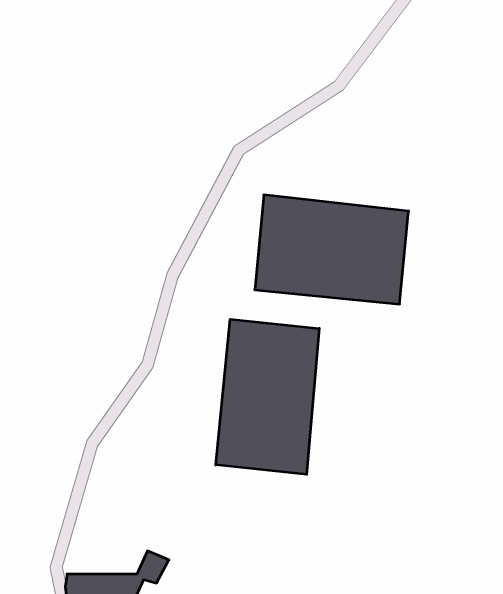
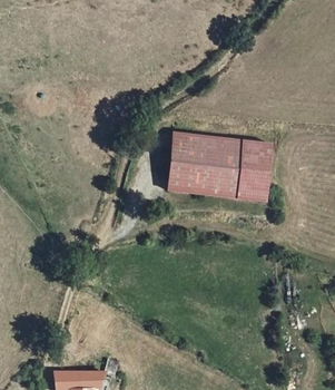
building: [216,319,319,474] -> none

